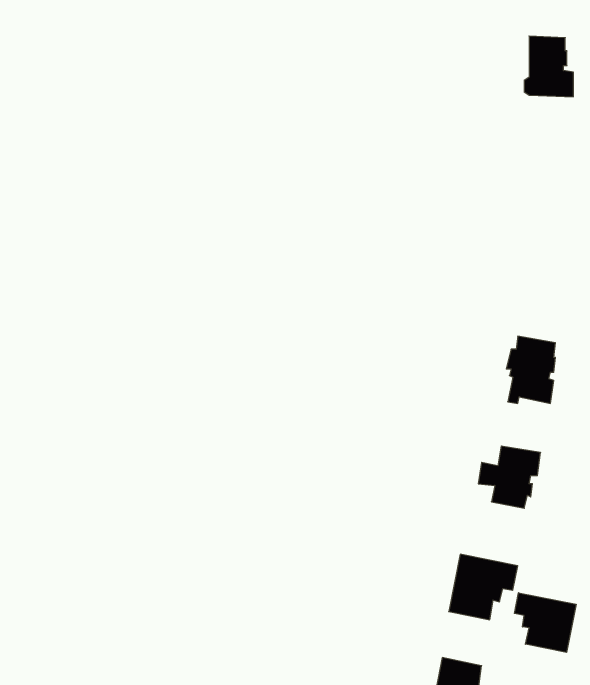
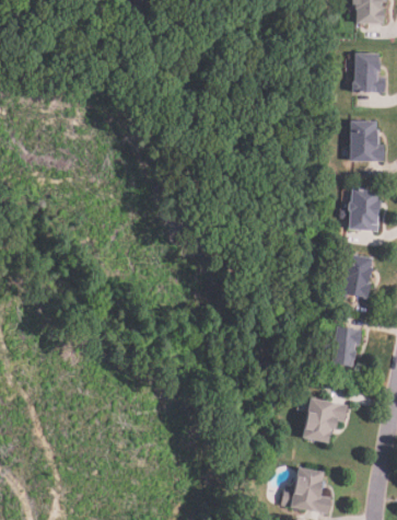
building: none -> [351,122,385,161]
building: none -> [349,188,381,231]
building: [514,593,576,652] -> none

